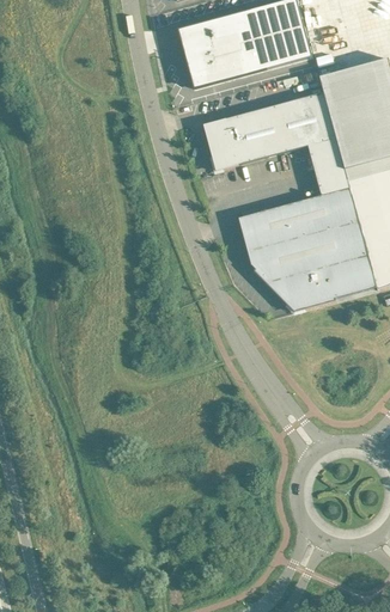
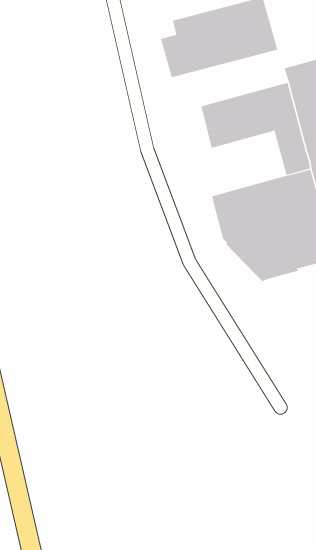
building: [203,117,239,170] -> none

